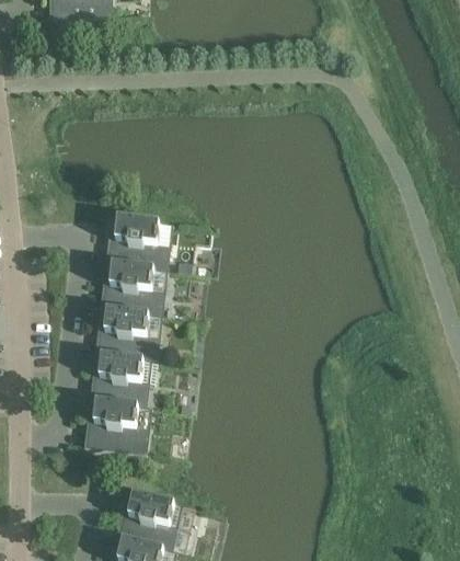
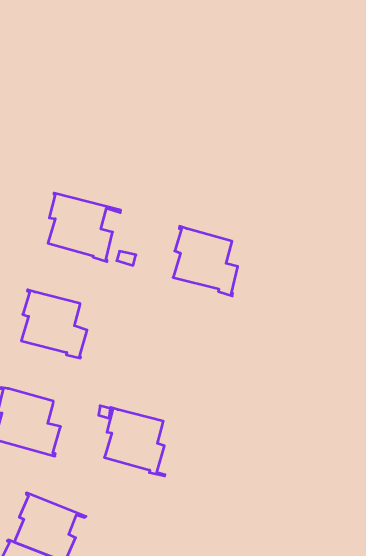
building: [104,262,163,318] -> [173,226,238,296]
building: [94,354,152,409] -> [104,407,165,476]

